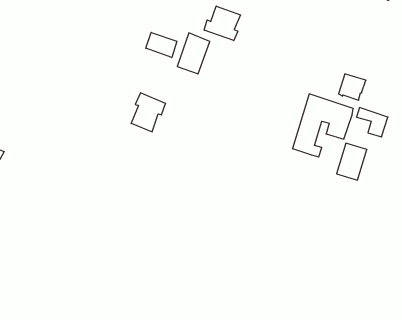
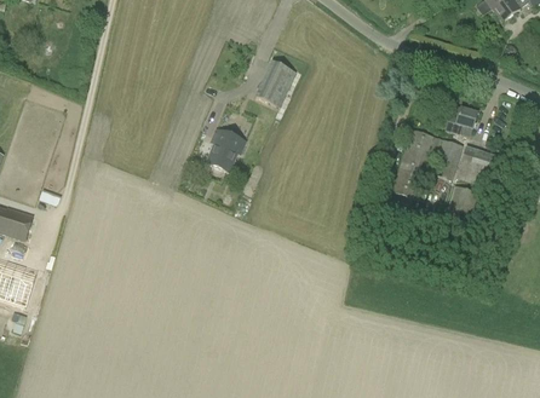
building: [204,6,241,41] -> none
building: [146,32,177,58] -> none

